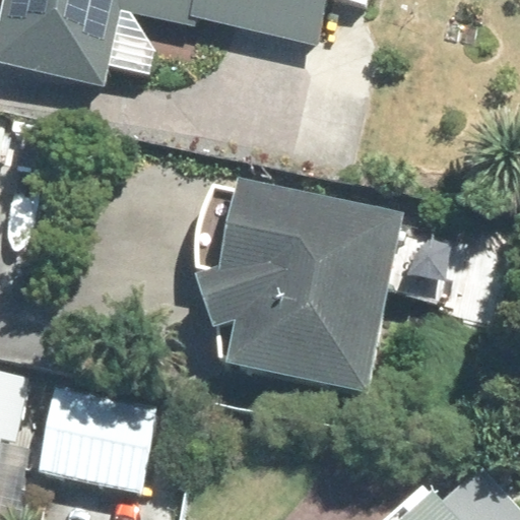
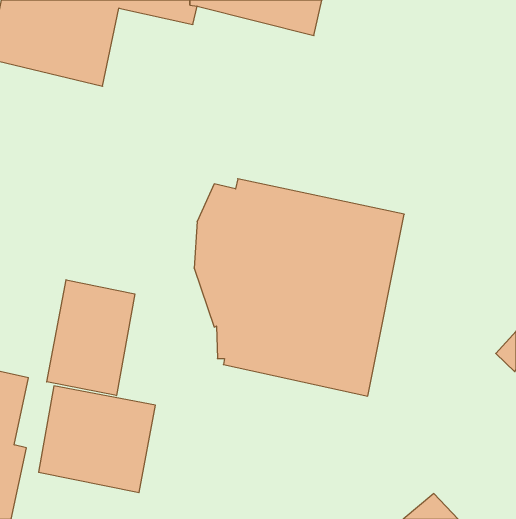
building: none -> [47,280,135,396]

